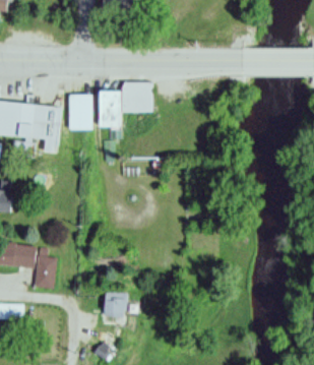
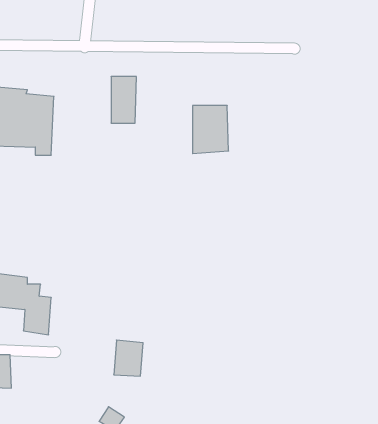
building: [124,83,151,120] -> [193,106,229,154]
building: [67,93,93,131] -> none

